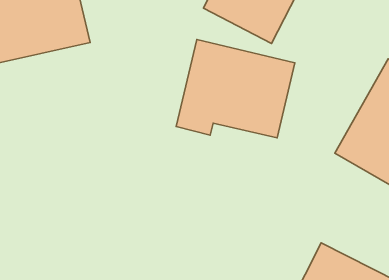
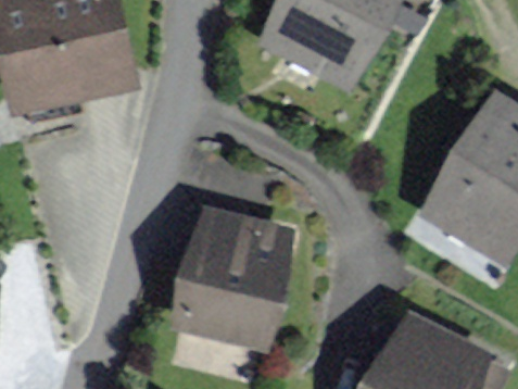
building: [176,39,295,138] -> none
building: none -> [175,212,287,346]

